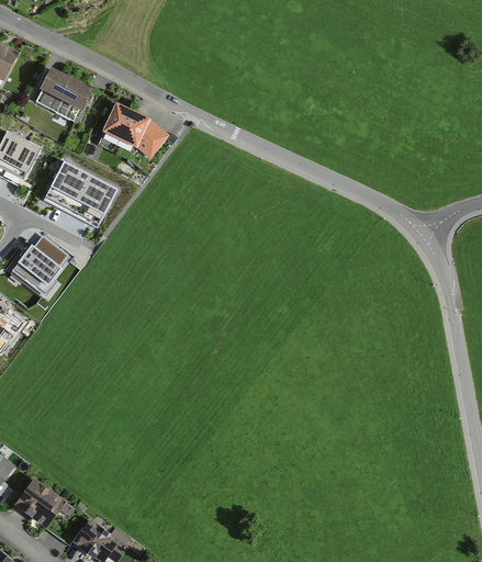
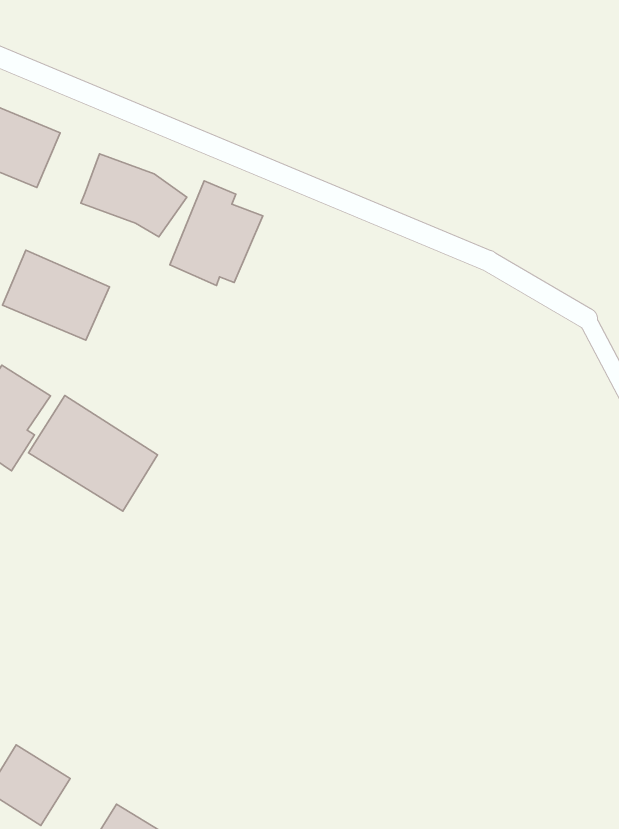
building: none -> [170,181,263,285]
building: none -> [28,396,158,511]

